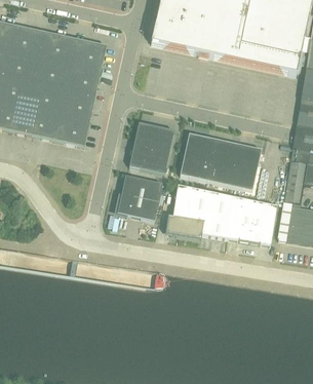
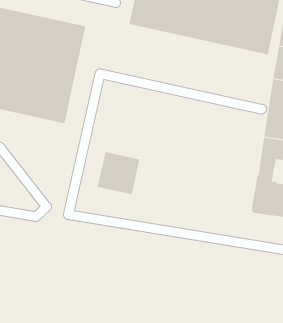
building: [129,121,174,172] -> none
building: [181,132,262,190] -> none
building: [165,184,277,244] -> none

